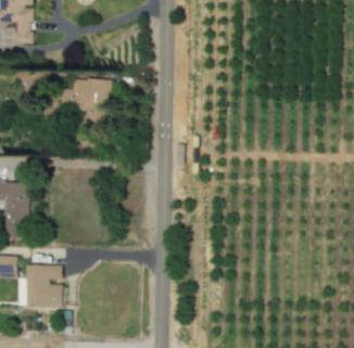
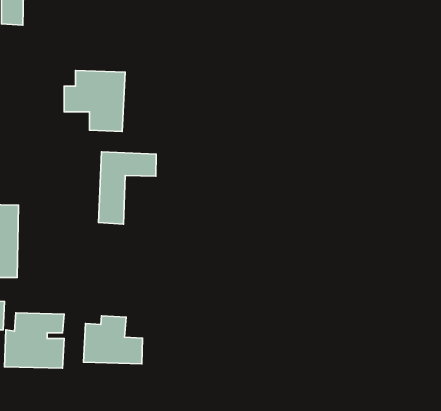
building: none -> [98,152,156,224]
building: none -> [84,316,143,364]

